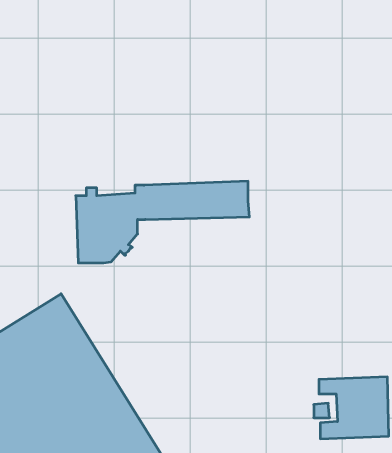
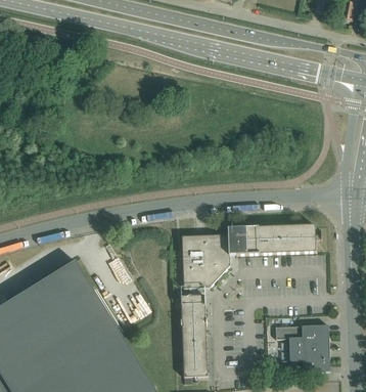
building: [76,181,249,263] -> [181,224,316,288]
building: none -> [180,295,208,377]

